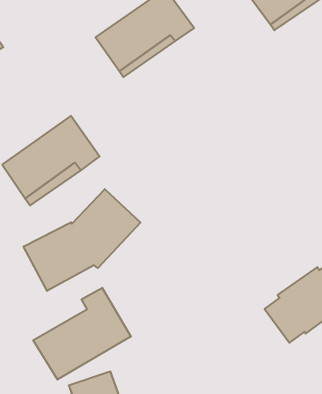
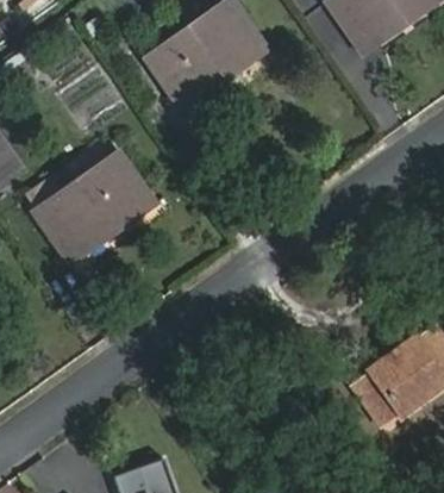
building: [24,189,140,291] -> none
building: [33,288,131,380] -> none

